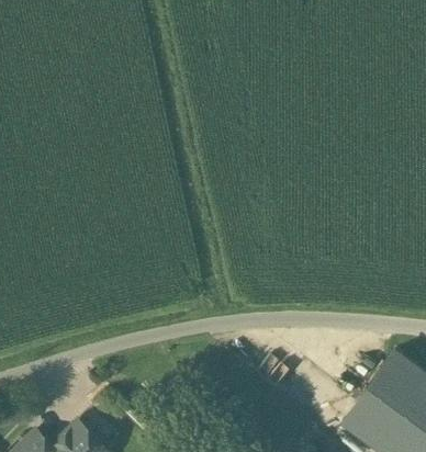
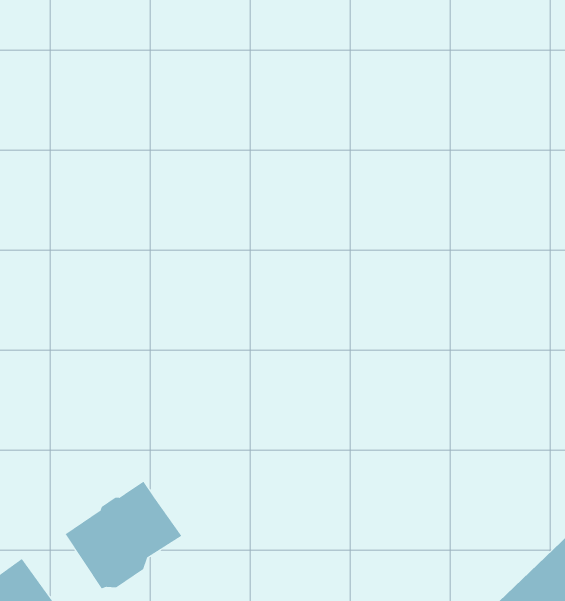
building: none -> [65,481,182,589]

